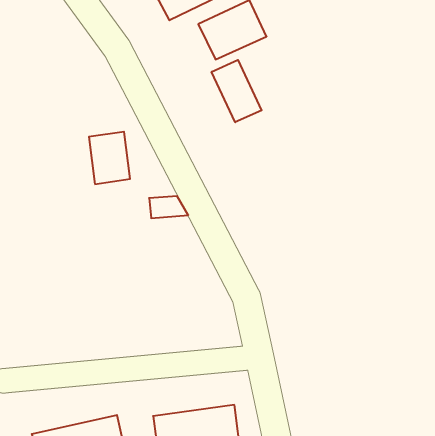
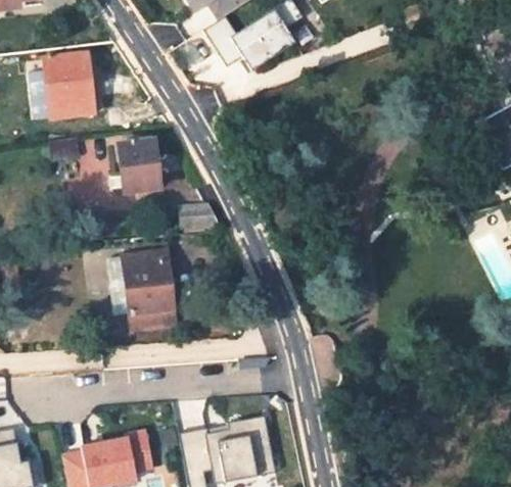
building: none -> [46,55,93,117]
building: [212,60,262,122] -> none
building: none -> [126,252,177,330]

